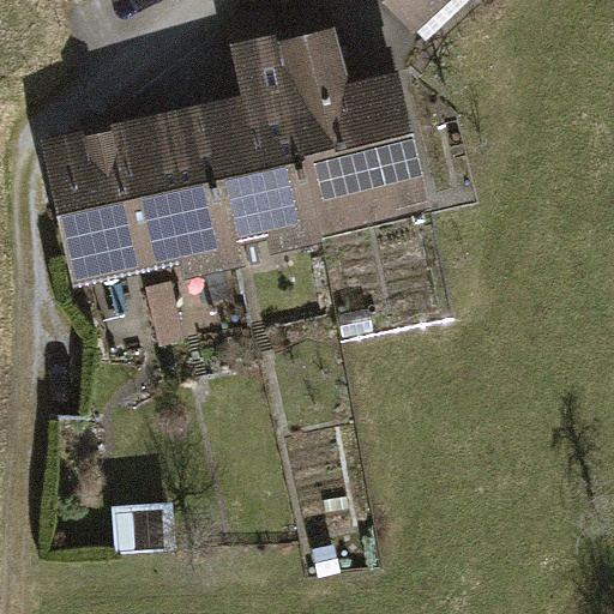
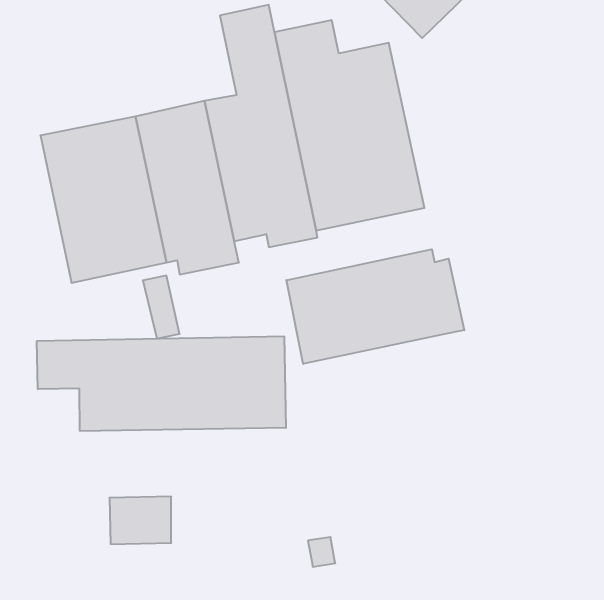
building: none -> [286,249,464,364]
building: none -> [37,336,286,431]

